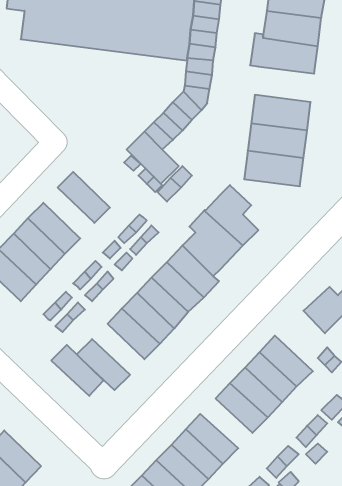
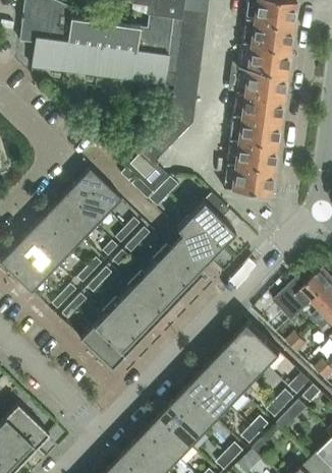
building: none -> [232,92,283,122]
building: none -> [76,168,121,213]
building: none -> [51,195,95,239]
building: [51,345,104,396] -> [93,312,137,356]
building: none -> [185,376,230,419]

